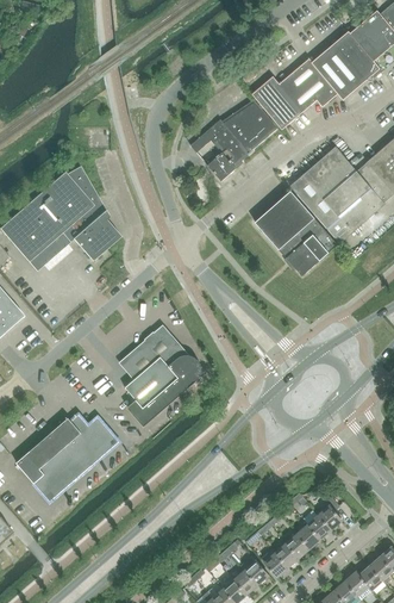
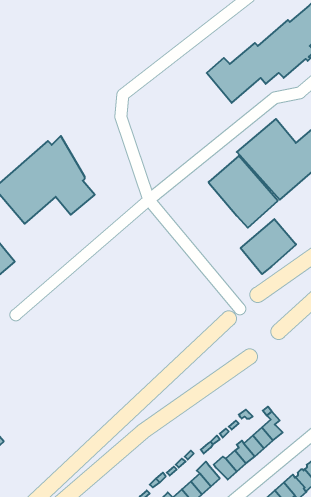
building: [190,100,277,181] -> none
building: none -> [241,219,296,274]
building: [120,325,202,428] -> none
building: [18,418,119,502] -> none

